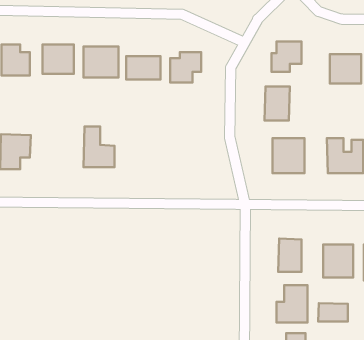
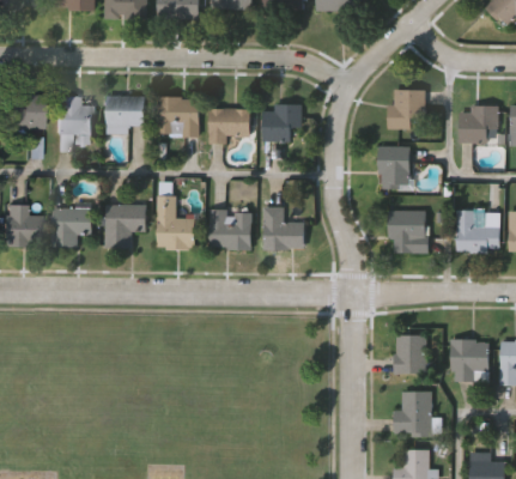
building: none -> [105,205,145,249]
building: none -> [263,207,304,248]
building: none -> [208,210,251,248]
building: [318,303,348,322] -> none

